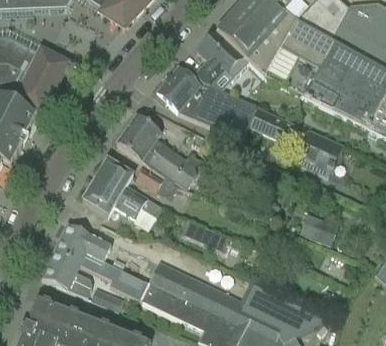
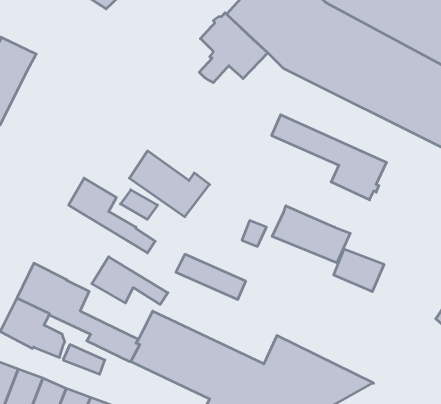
building: [156,66,255,138] -> none
building: [116,114,160,159] -> none
building: [81,179,140,216] -> [92,257,168,304]
building: none -> [272,206,350,263]

